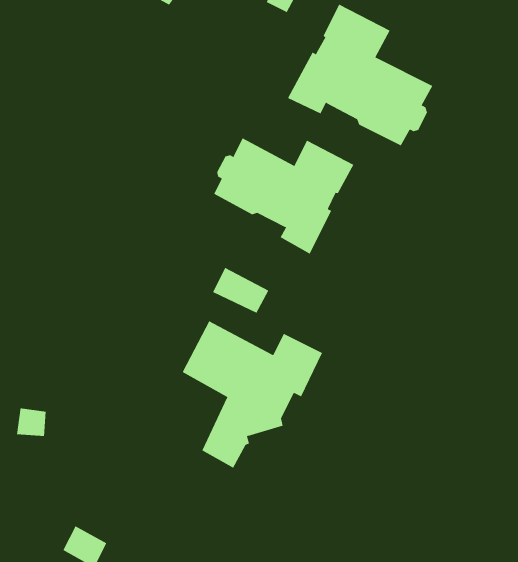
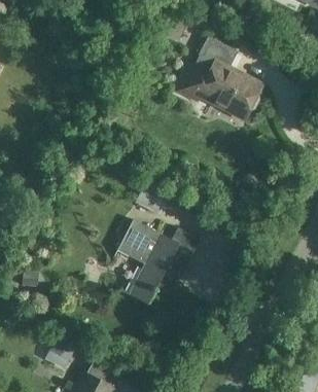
building: [214,137,354,254] -> none

